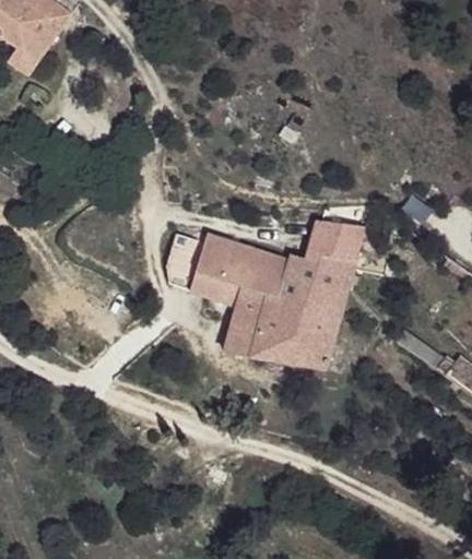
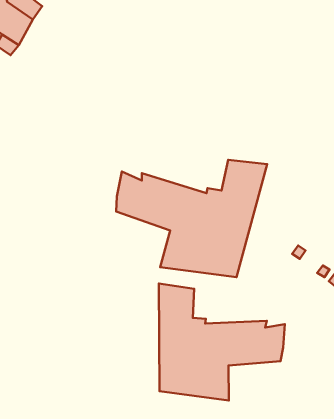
building: none -> [159,283,285,400]

